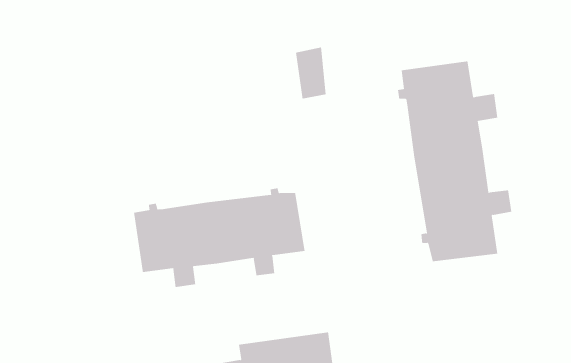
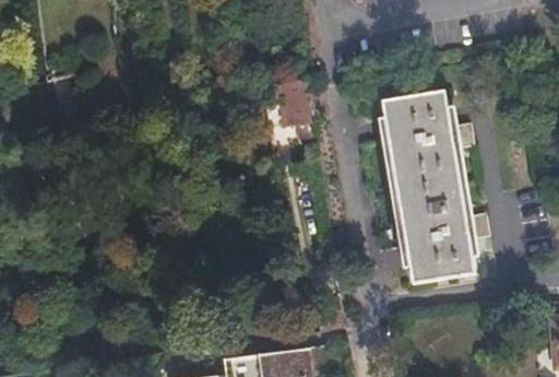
building: [133,188,305,288] -> none

